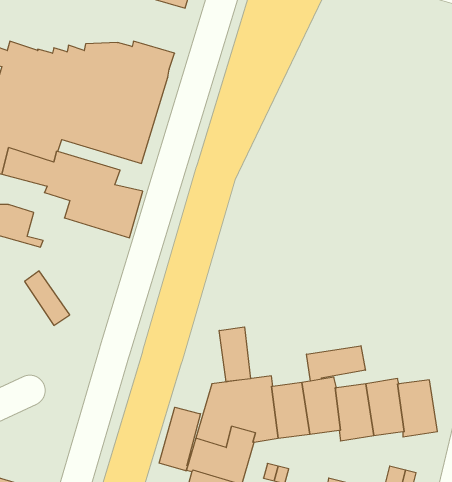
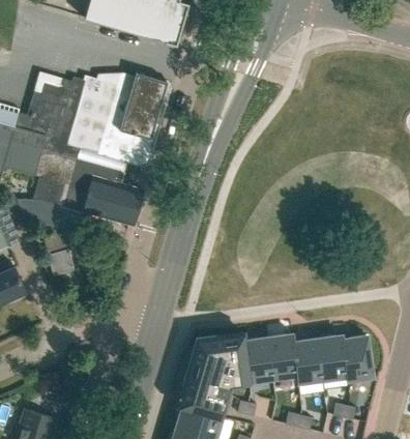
building: [219,327,250,382] -> none
building: [307,346,365,381] -> none
building: [159,407,200,471] -> none

